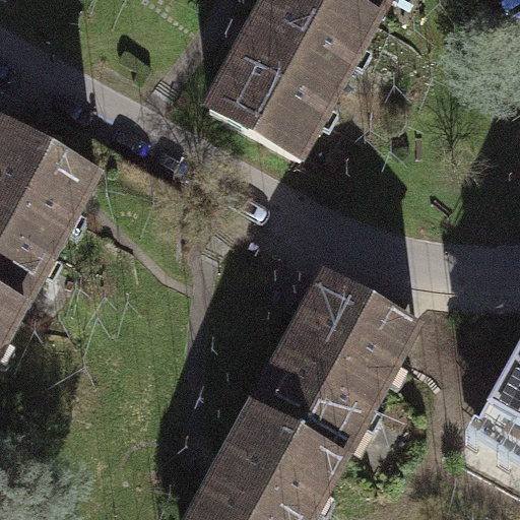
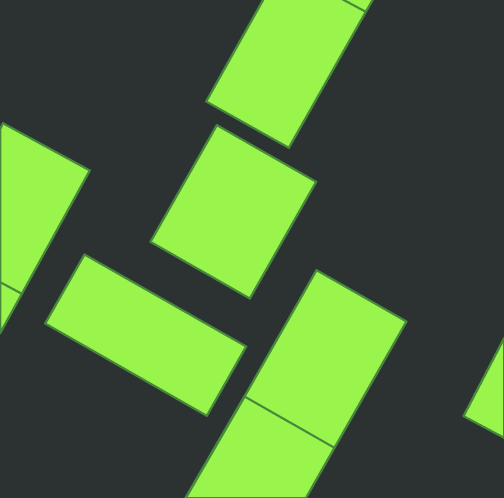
building: none -> [151,125,316,298]
building: none -> [45,254,246,416]

